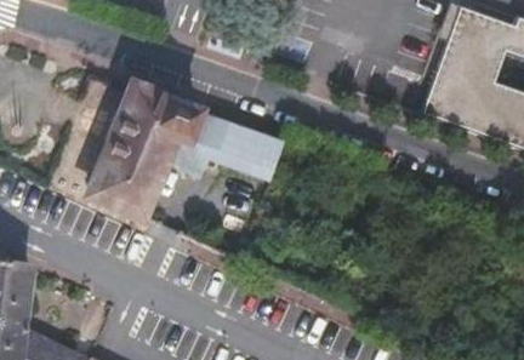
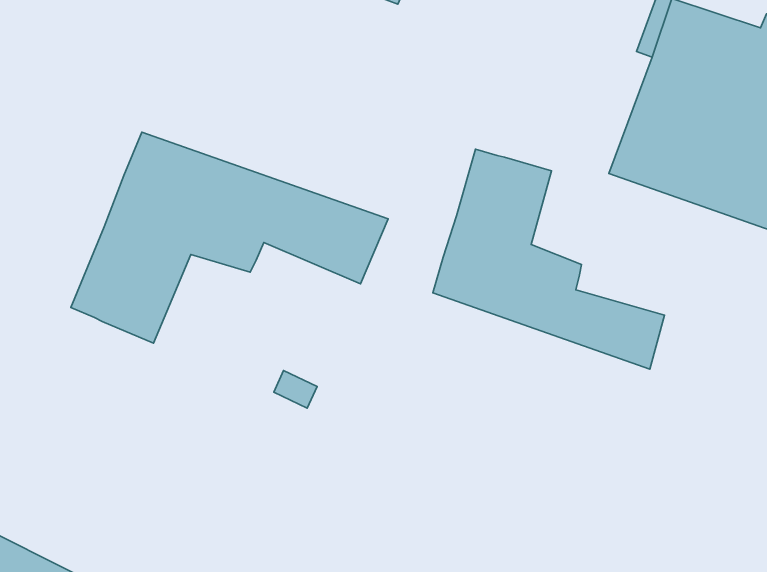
building: none -> [433,149,665,369]

